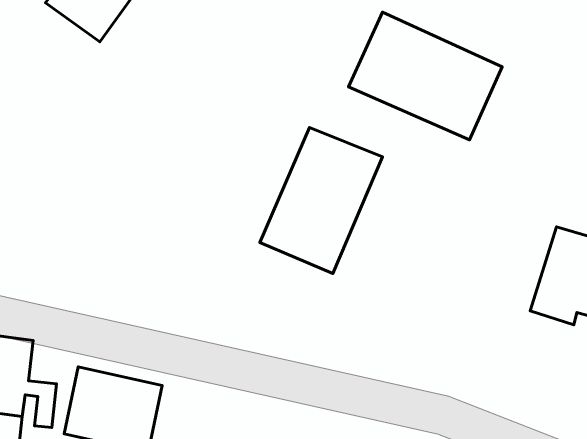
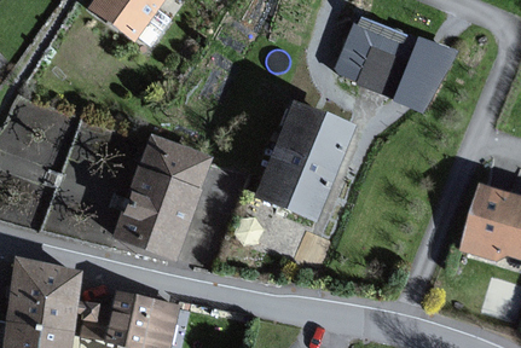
building: none -> [115,135,210,257]

